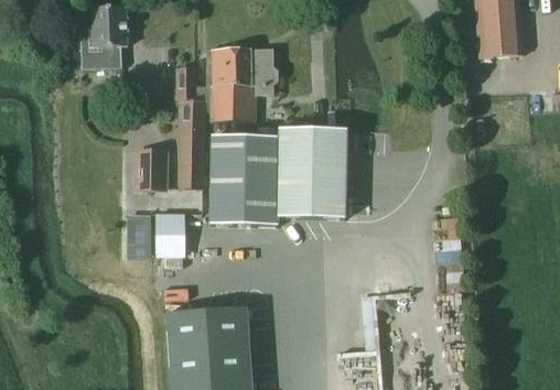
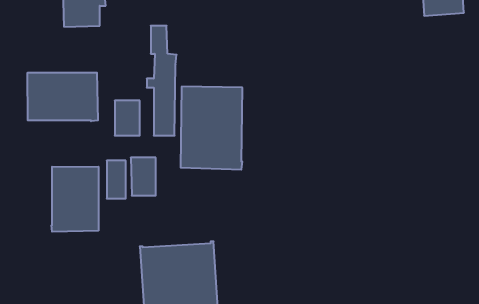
building: [205,48,278,121] -> none
building: none -> [28,73,98,121]
building: [278,127,347,218] -> none
building: none -> [51,167,98,232]

